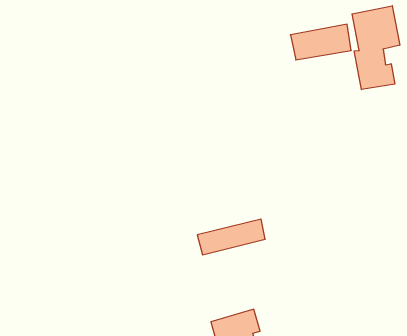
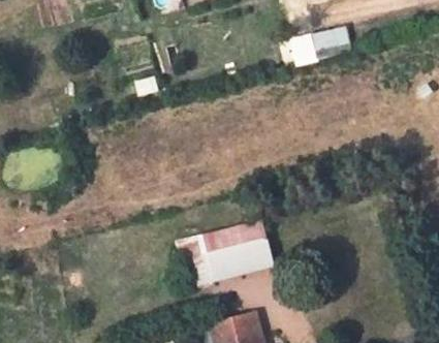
building: [352,6,400,90] -> none
building: none -> [202,240,273,285]

